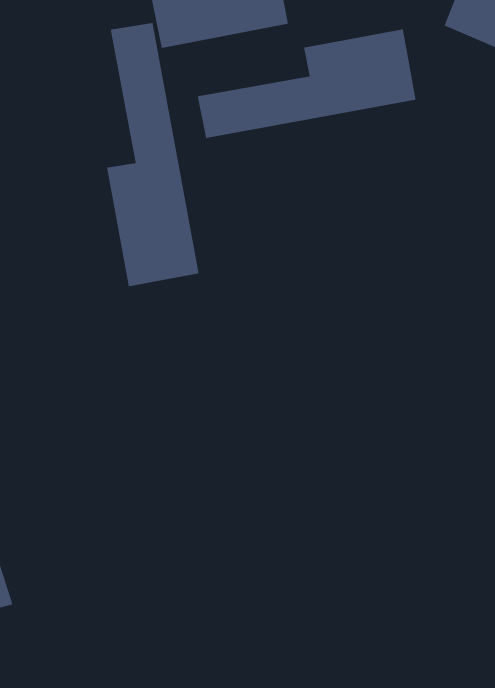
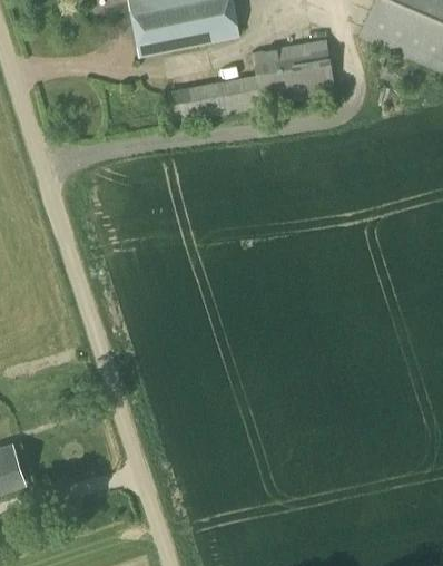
building: [106,22,199,287] -> none

